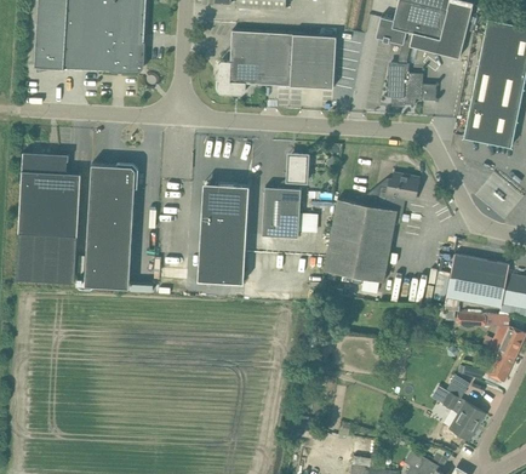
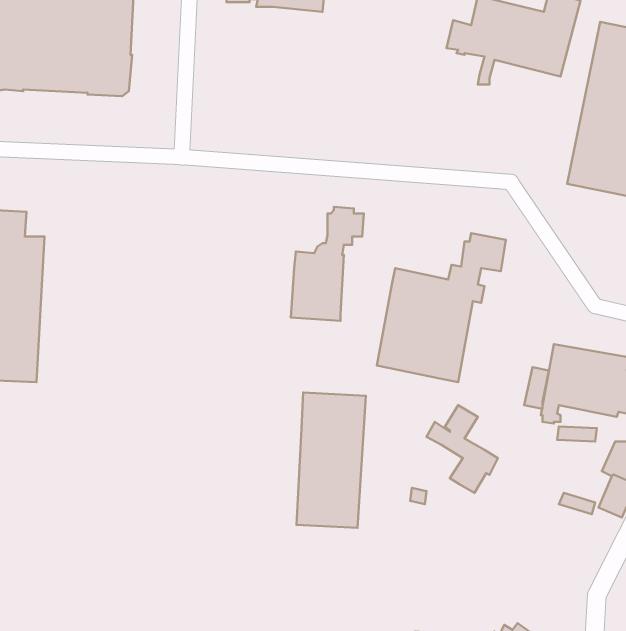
building: [217,30,337,96] -> none
building: [387,64,436,105] -> none
building: [85,164,136,289] -> none
building: [199,183,250,282] -> [296,393,366,528]
building: [433,375,485,439] -> [427,405,498,493]

